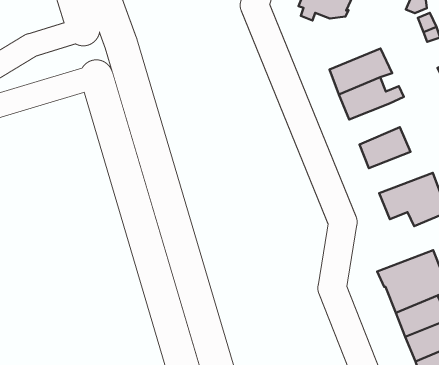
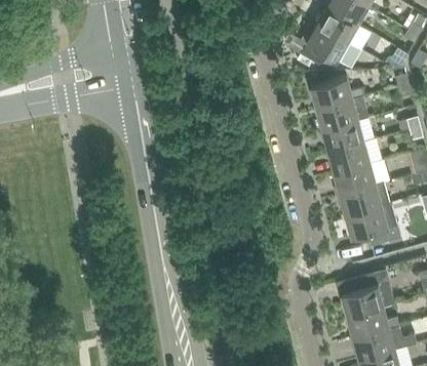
building: none -> [312,79,364,111]
building: none -> [329,145,371,175]
building: none -> [341,185,393,217]

